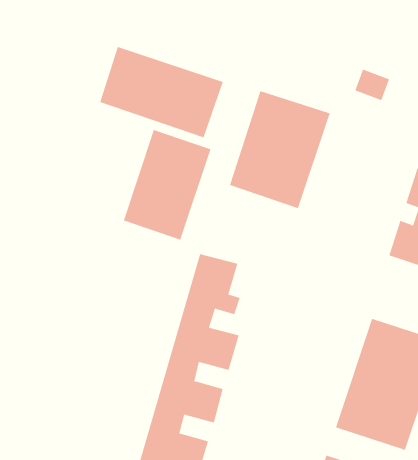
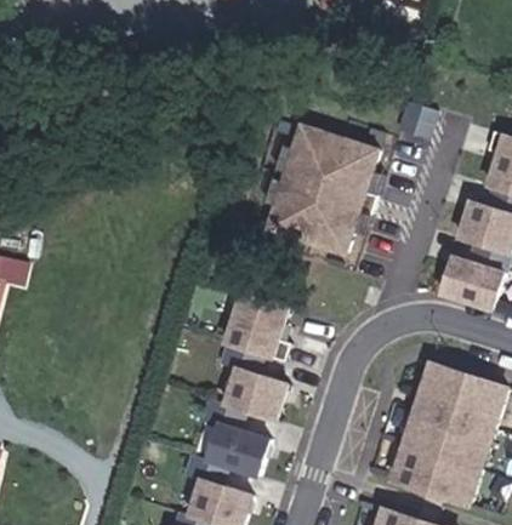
building: [99,46,224,138] -> none
building: [123,129,211,241] -> none

